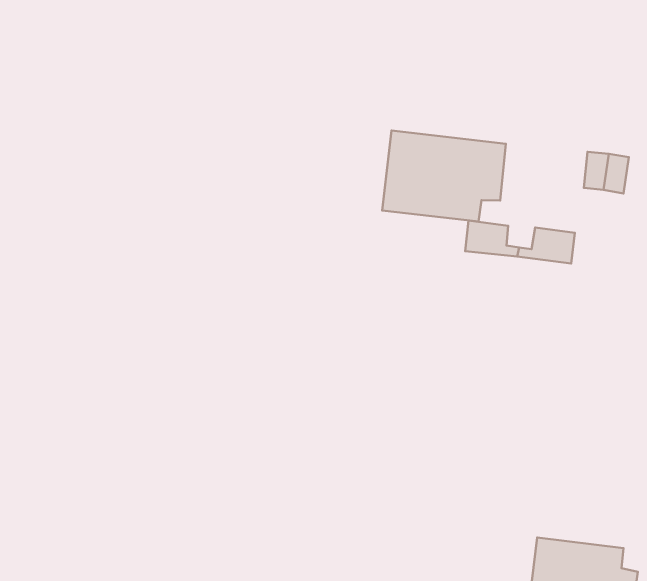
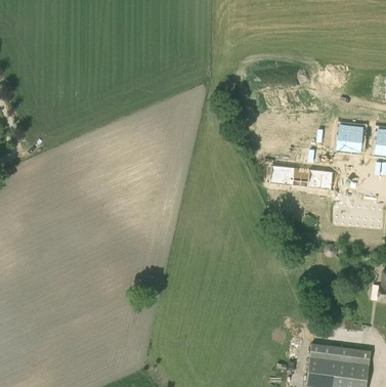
building: [382,130,506,222] -> none

